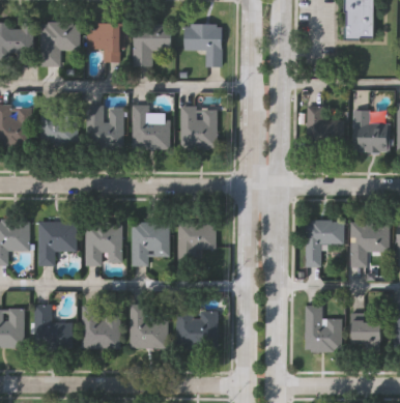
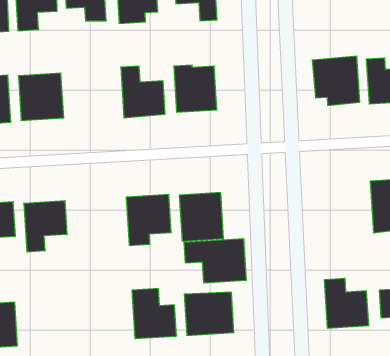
building: [88,108,123,146] -> none
building: [305,221,344,267] -> none
building: [85,223,121,264] -> none
building: none -> [184,238,246,283]
building: [35,306,73,349] -> none
building: [84,308,121,349] -> none

